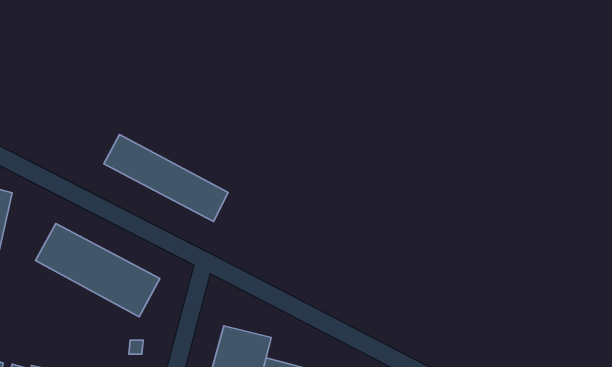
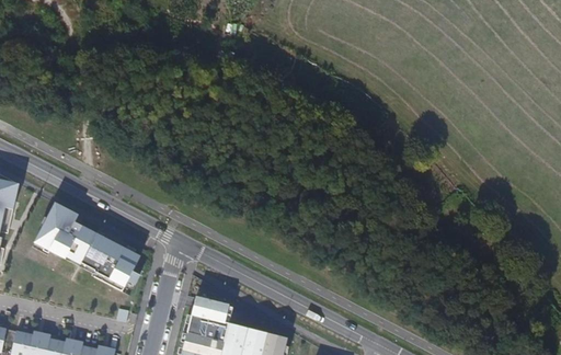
building: [104,135,228,222] -> none

